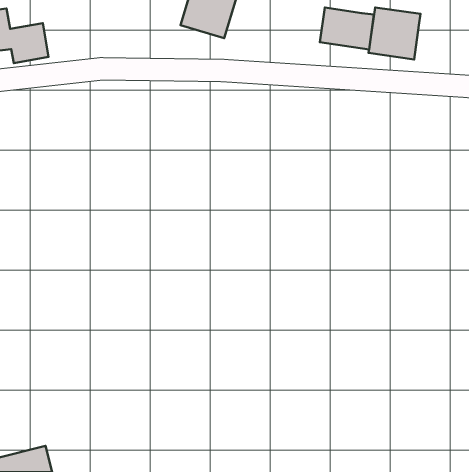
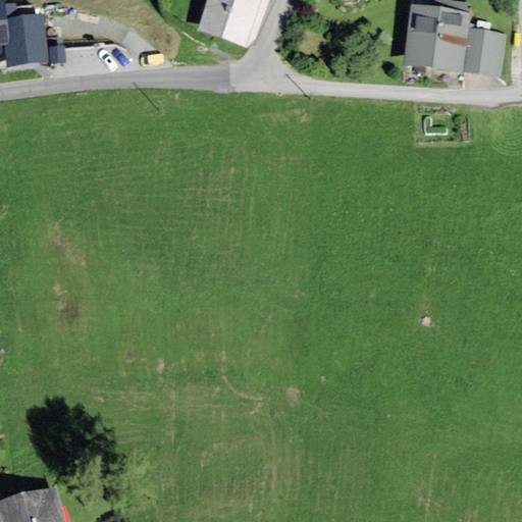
building: [320,8,374,49] -> none
building: none -> [454,28,495,70]

